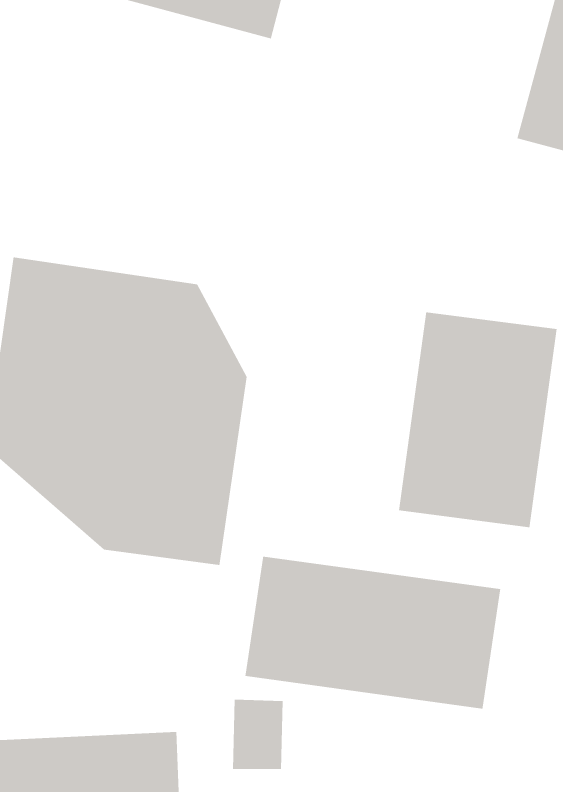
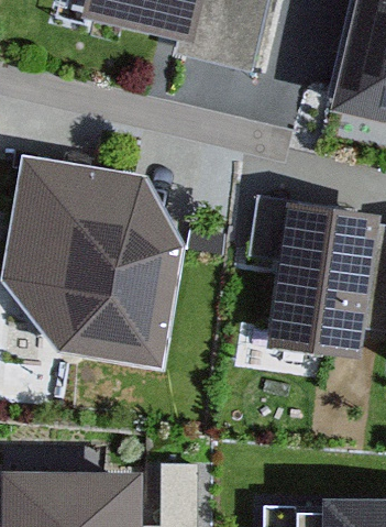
building: [245,556,501,709] -> none

